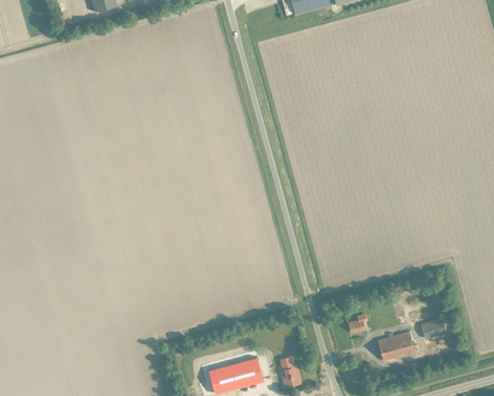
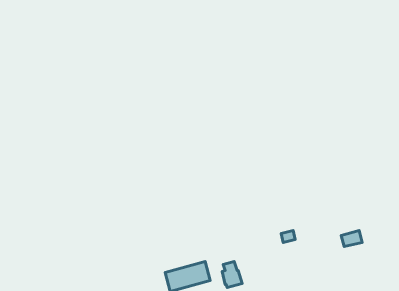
building: [378,332,416,361] -> none

